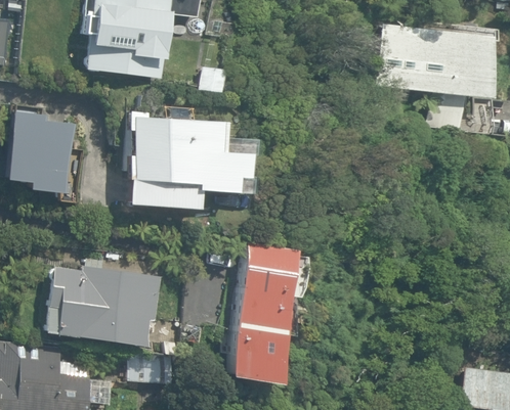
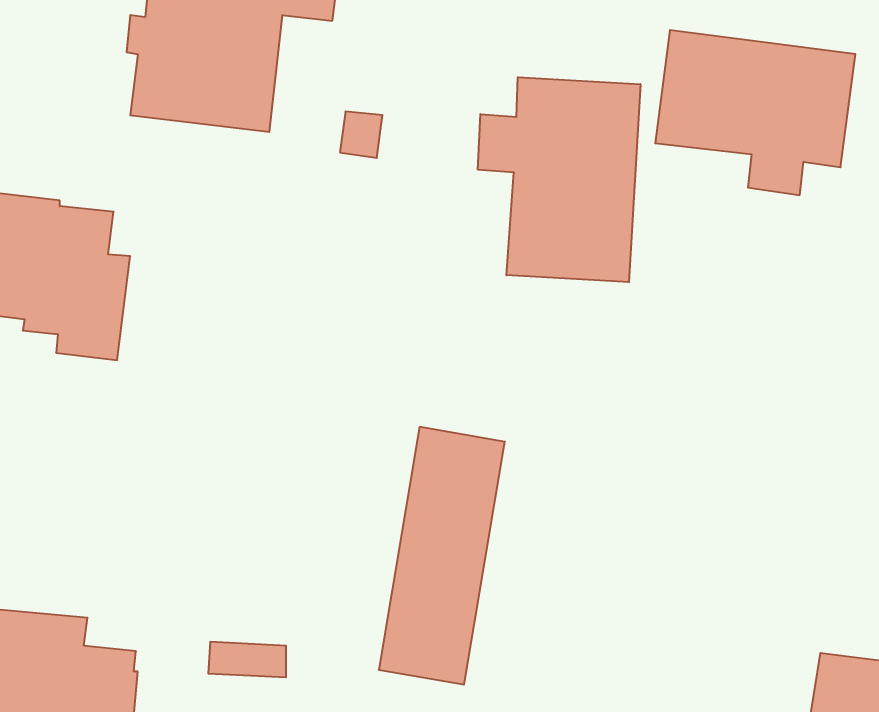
building: none -> [478,77,640,282]
building: [127,106,256,208] -> none
building: [45,259,162,346] -> none

